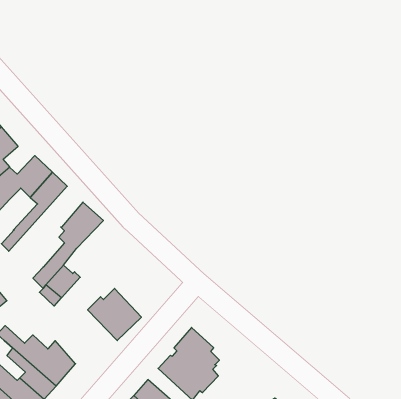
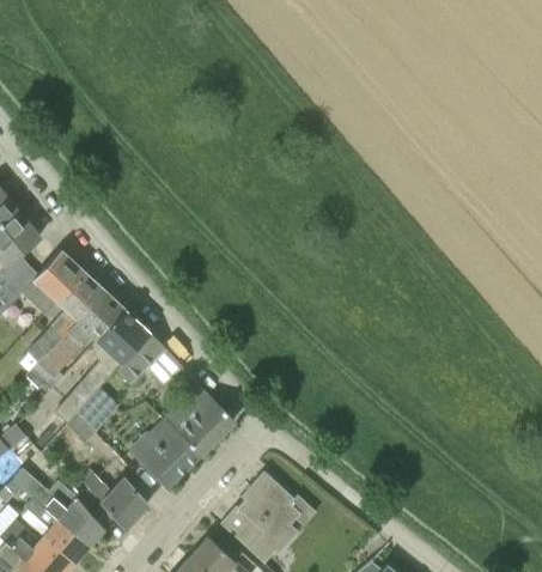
building: none -> [24,288,123,390]
building: none -> [115,333,182,385]
building: none -> [164,387,235,457]
building: none -> [84,474,150,528]

